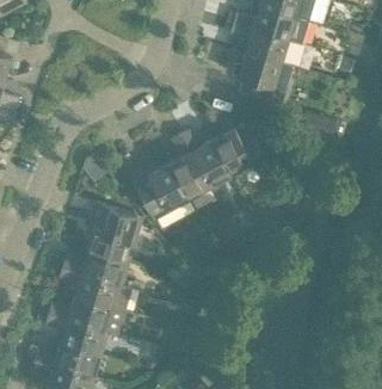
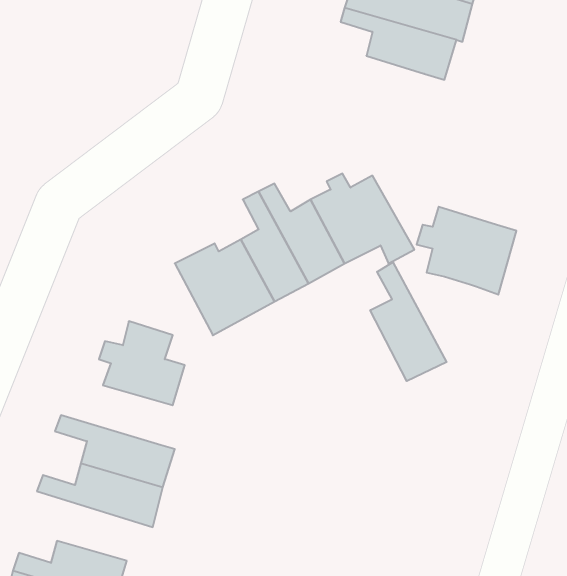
building: [232,55,291,107] -> [417,207,516,295]
building: none -> [370,262,447,381]
building: [62,252,129,288] -> none
building: [45,315,117,357] -> none

